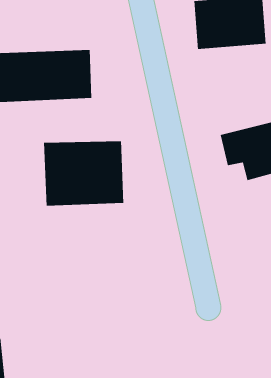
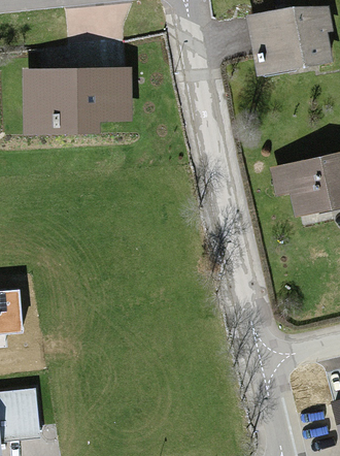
building: [44,140,124,206] -> none

